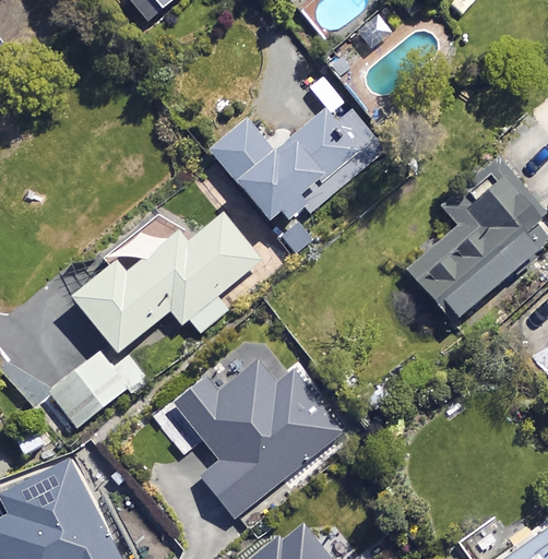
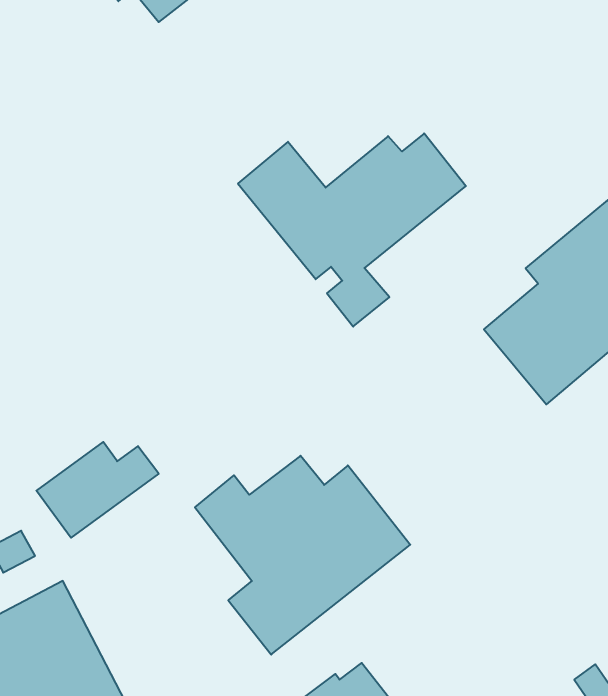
building: [71,209,266,353] -> none

